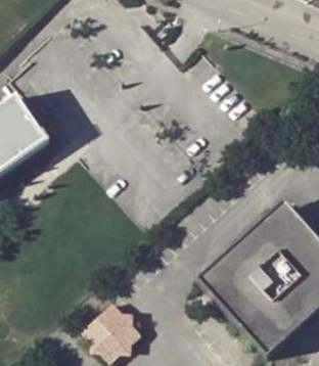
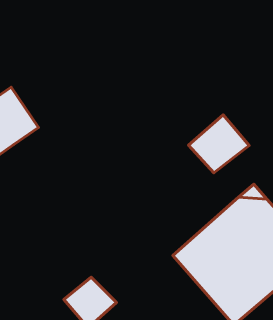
building: none -> [188,115,249,173]

